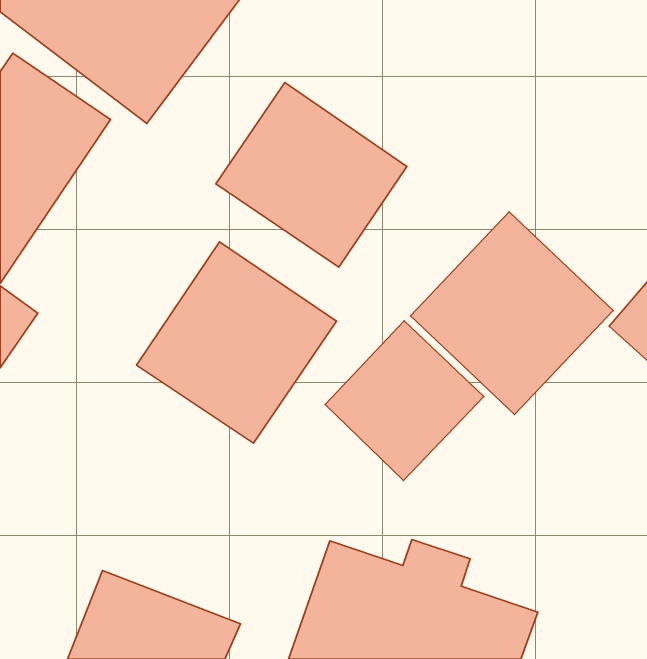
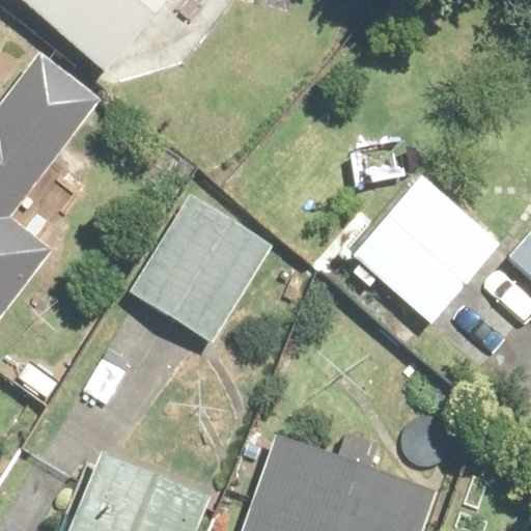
building: [216,83,407,267] -> none
building: [325,321,484,480] -> none

